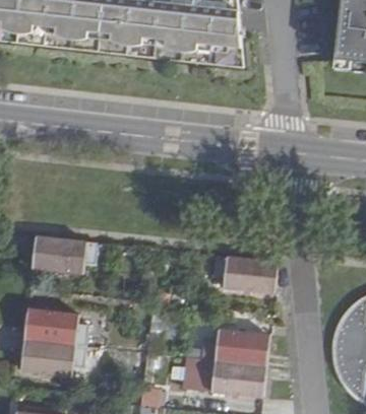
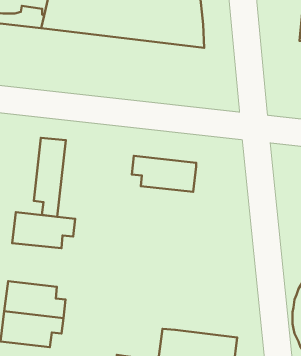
building: none -> [34,138,66,217]
building: [214,257,281,294] -> [132,156,196,192]
building: [204,329,272,366] -> none

